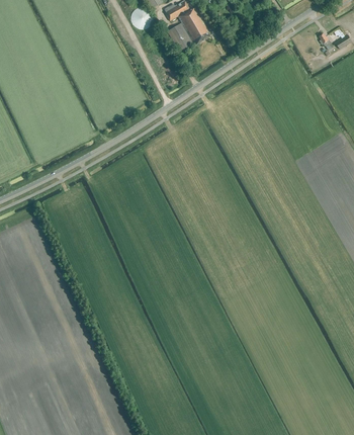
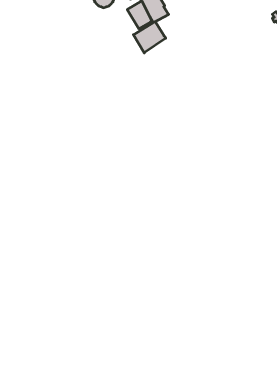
building: none -> [133,22,166,53]

